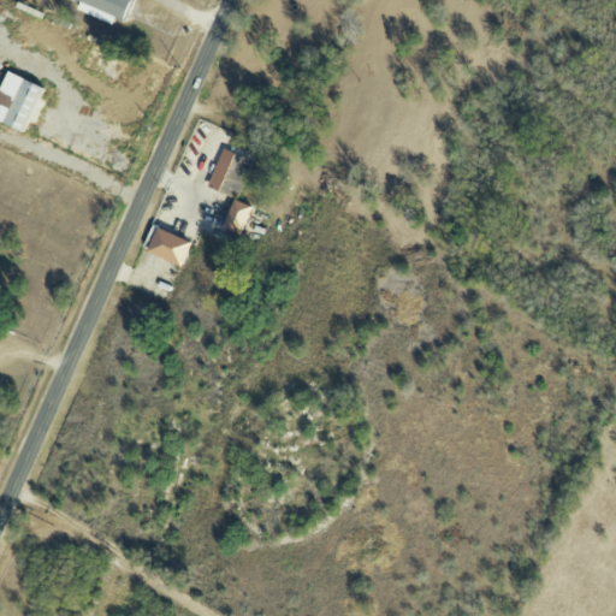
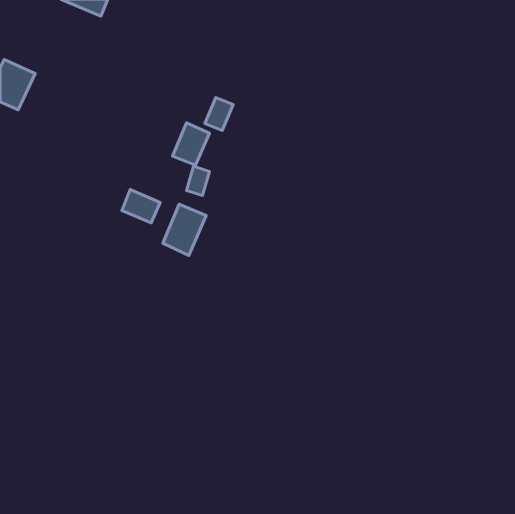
building: none -> [205,98,233,131]
building: none -> [163,204,206,255]

